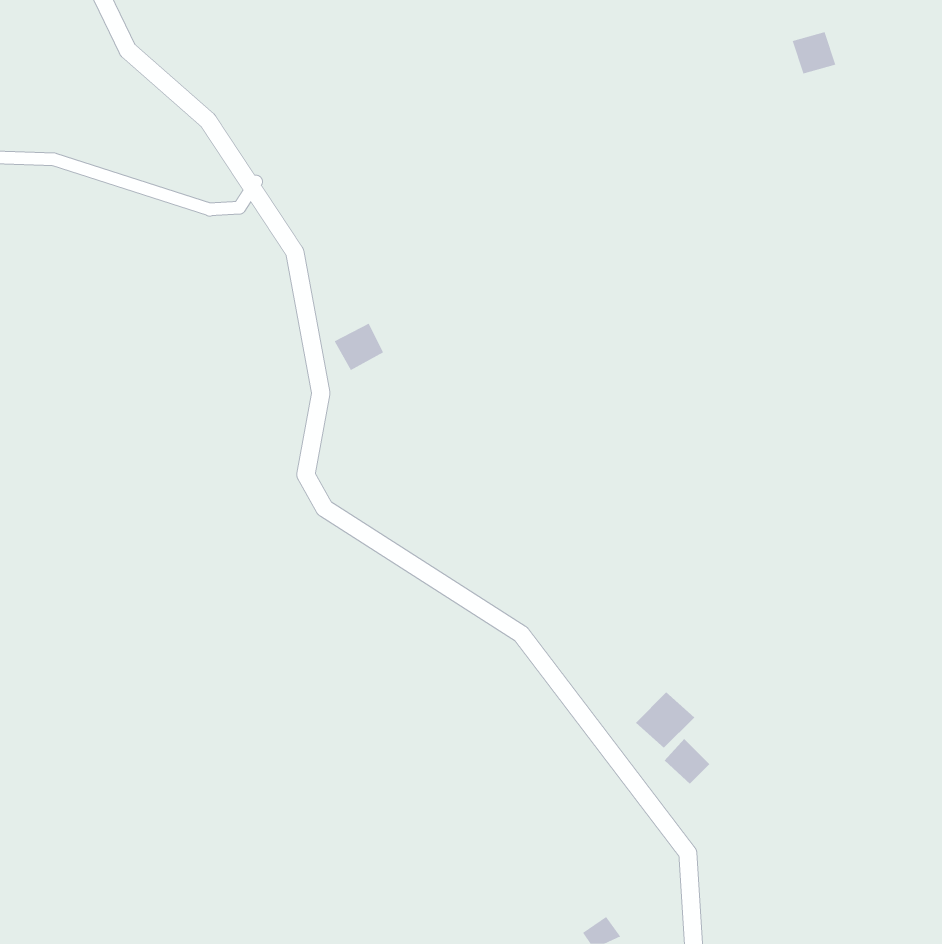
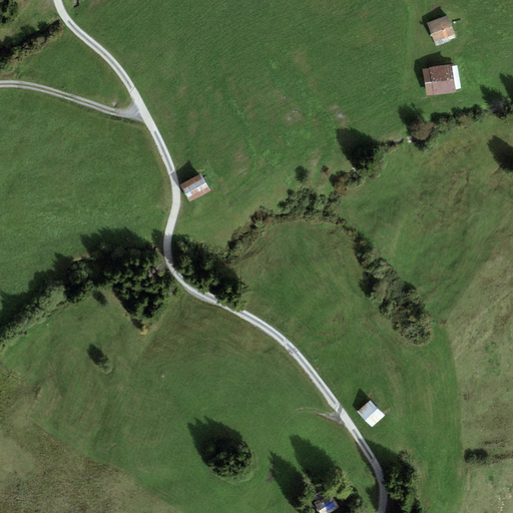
building: none -> [424,65,453,93]
building: [635,692,695,749] -> none

